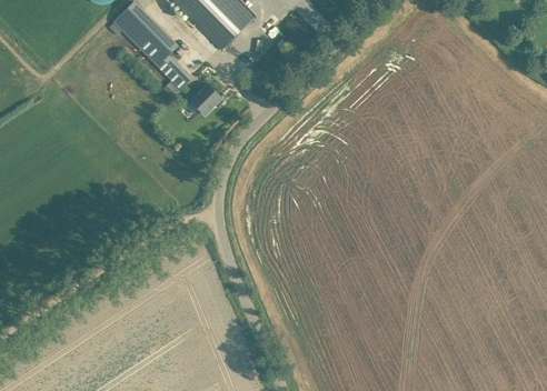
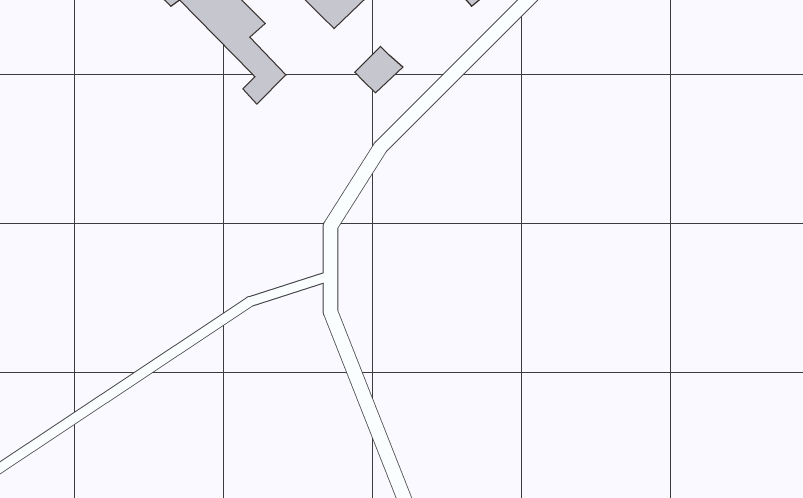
building: [191,84,222,114] -> [355,46,403,93]

